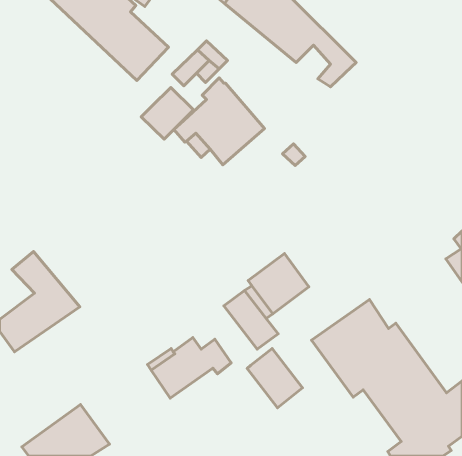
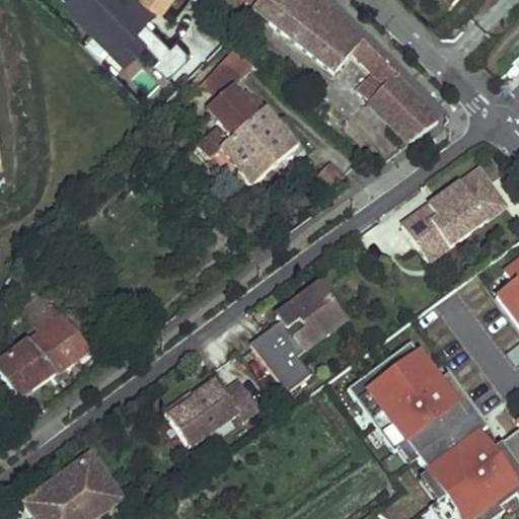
building: none -> [367,75,435,142]
building: [141,88,194,139] -> none
building: none -> [402,168,507,262]
building: [247,348,303,408] -> none

